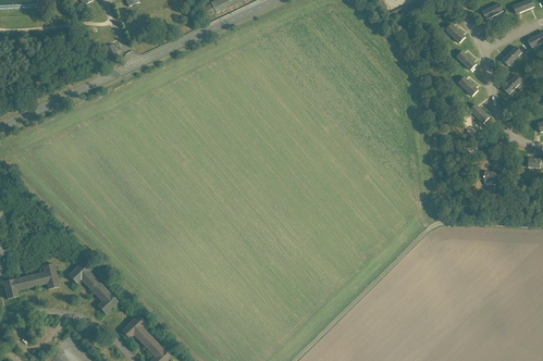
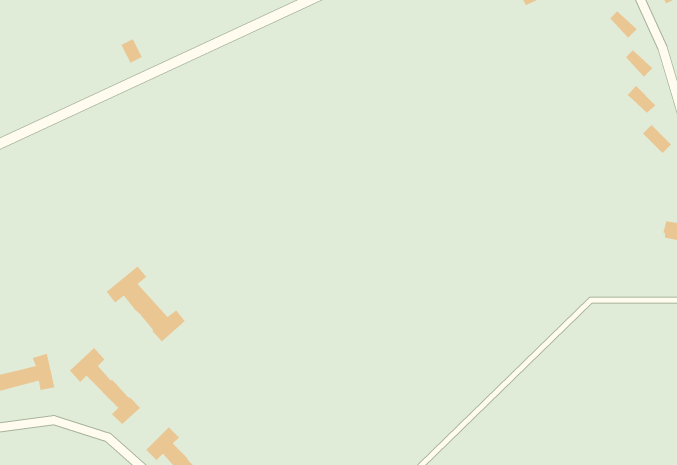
building: none -> [106,265,186,342]

